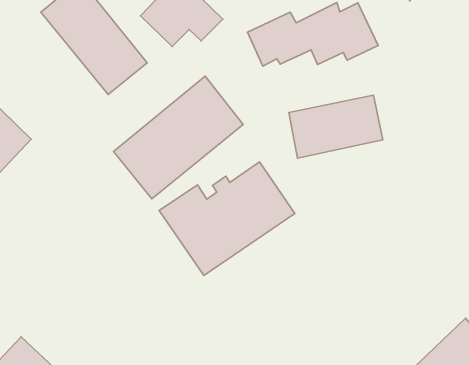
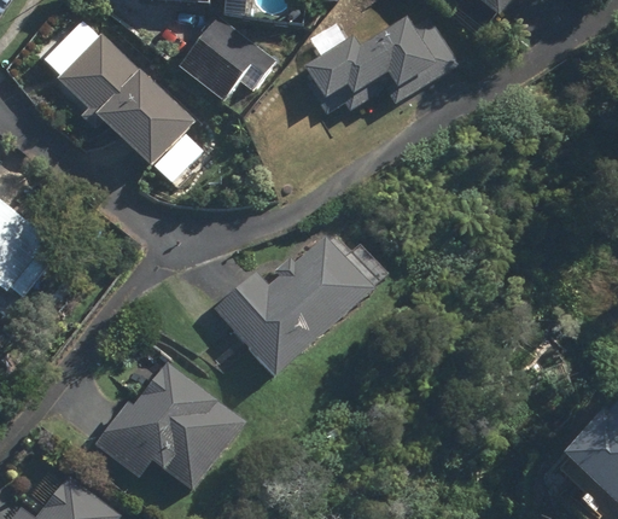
building: [114,76,243,199] -> none
building: [289,95,383,158] -> none
building: none -> [107,352,258,482]

